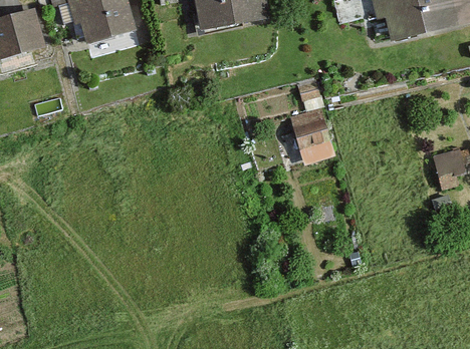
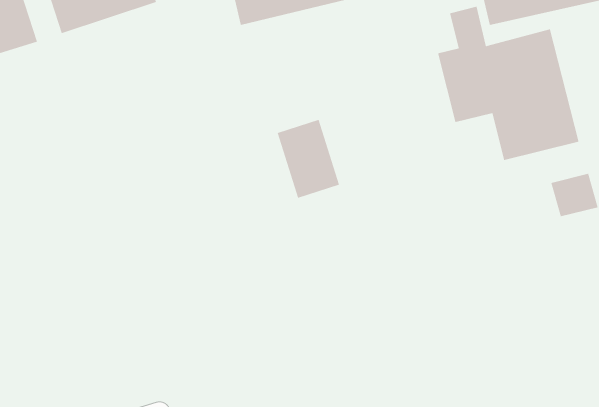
building: none -> [437,6,579,161]
building: [286,107,332,165] -> [277,119,340,199]

